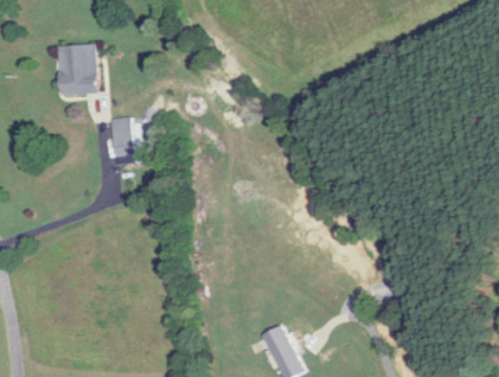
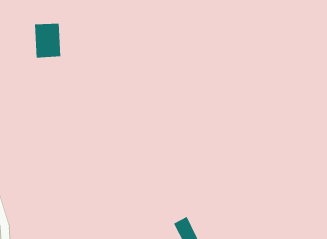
building: [110,116,135,156] -> none

